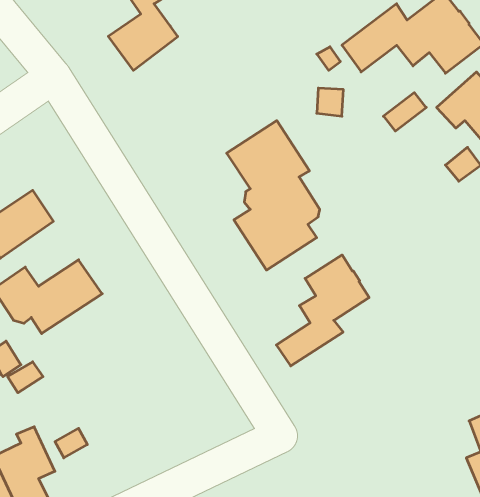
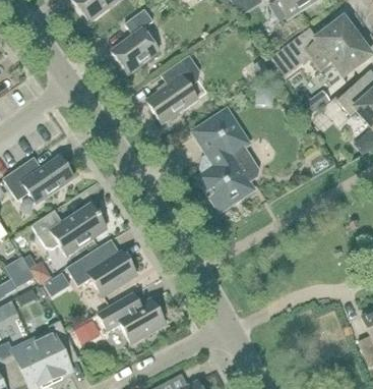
building: none -> [145,54,199,122]
building: [276,255,369,366] -> none
building: none -> [66,245,136,295]
building: none -> [98,294,165,342]

